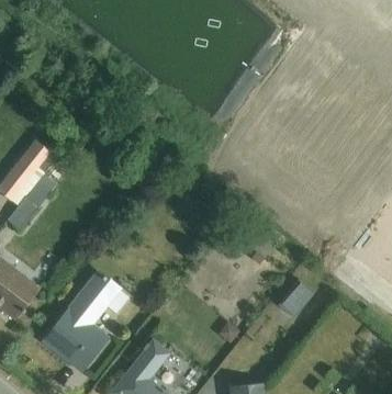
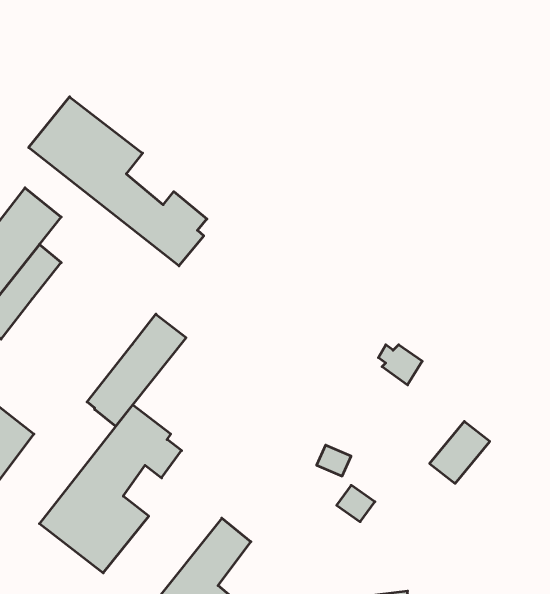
building: none -> [29,97,207,266]
building: none -> [87,314,186,426]

